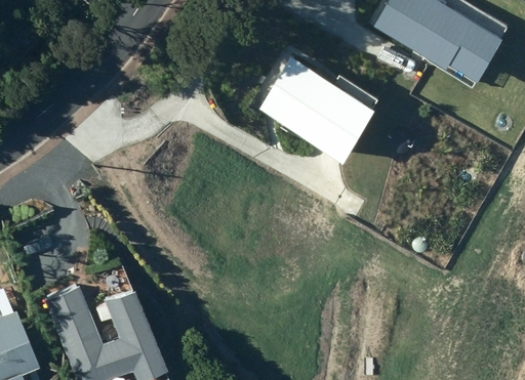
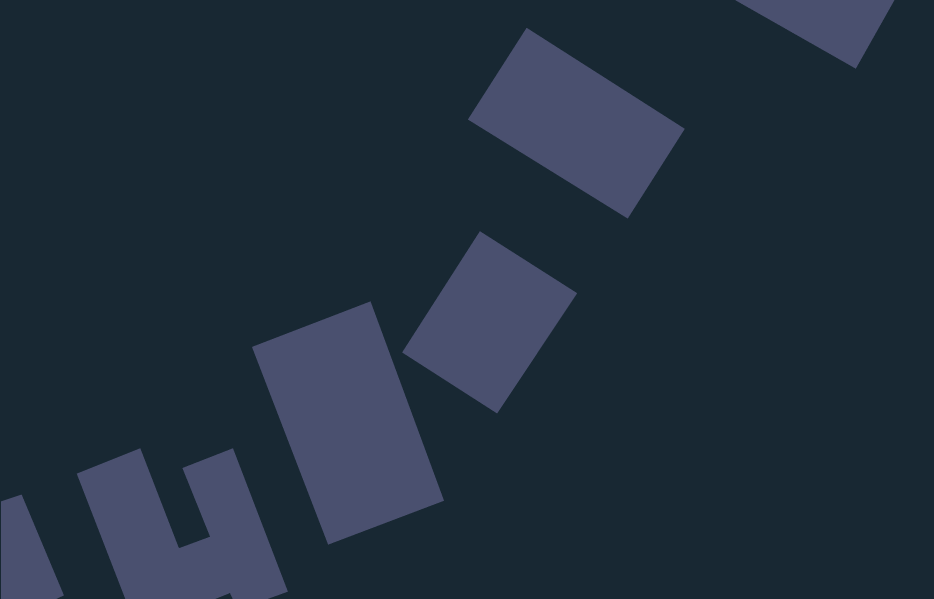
building: none -> [401,230,578,414]
building: none -> [251,301,445,546]

